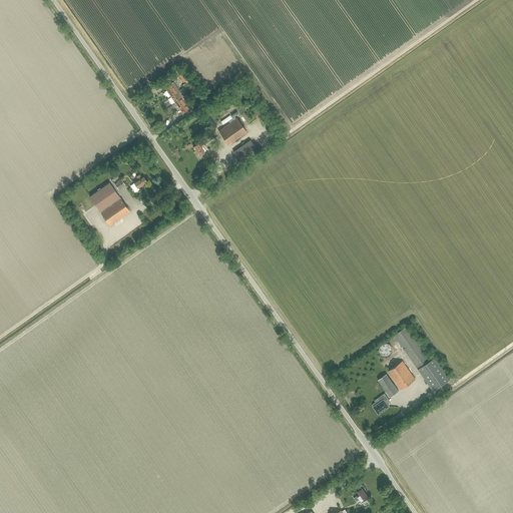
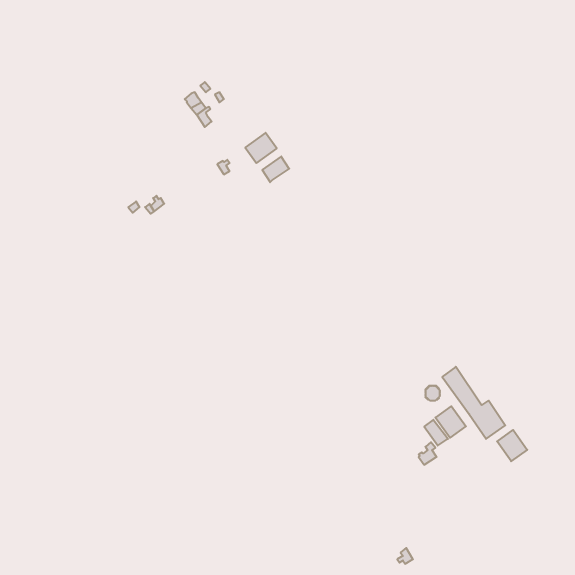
building: [89,182,129,225] -> none
building: none -> [497,430,527,461]

